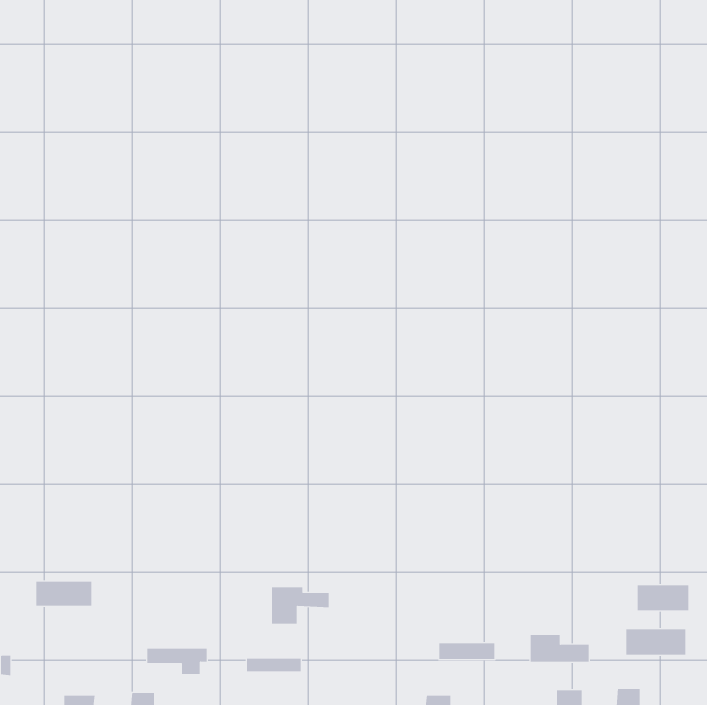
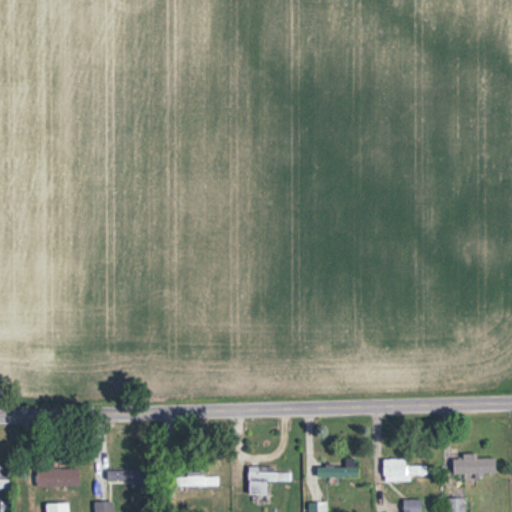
building: [35,581,92,606] -> [37,469,78,487]
building: [637,585,689,611] -> none
building: [271,587,329,624] -> [248,468,290,495]

